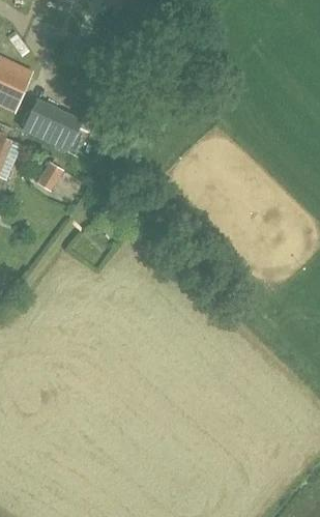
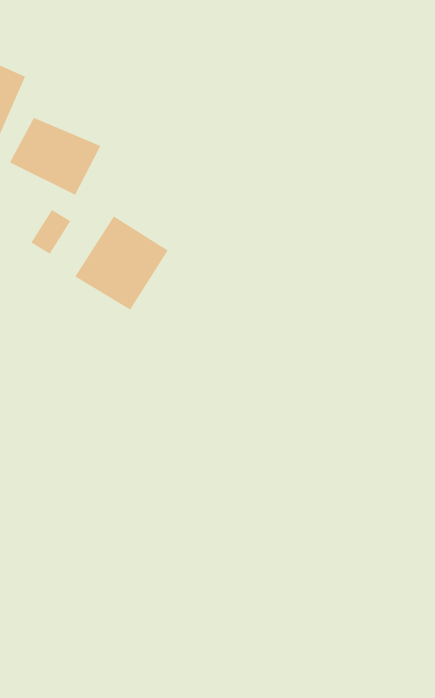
building: none -> [74,215,168,311]

